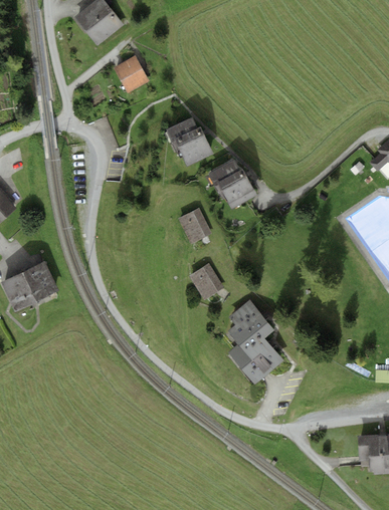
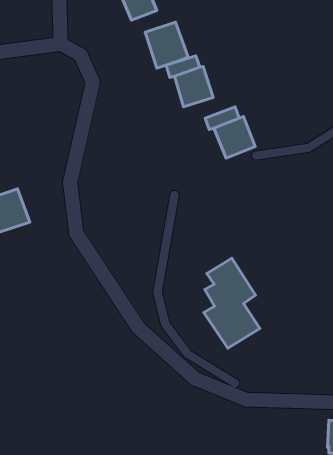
building: none -> [145,22,188,68]
building: [177,208,211,244] -> none
building: [189,264,223,300] -> none

